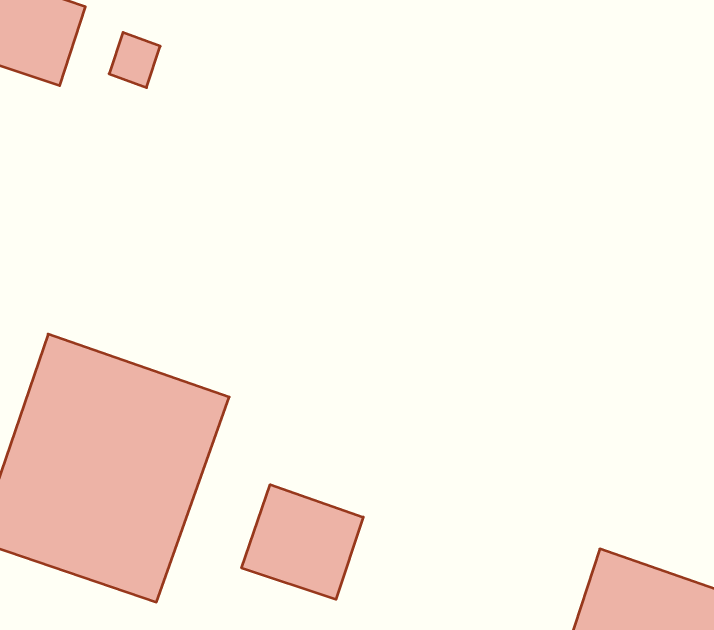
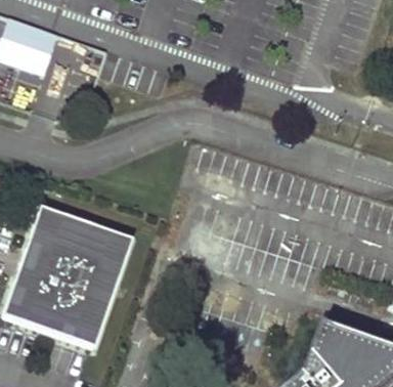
building: [242,485,363,599] -> none

